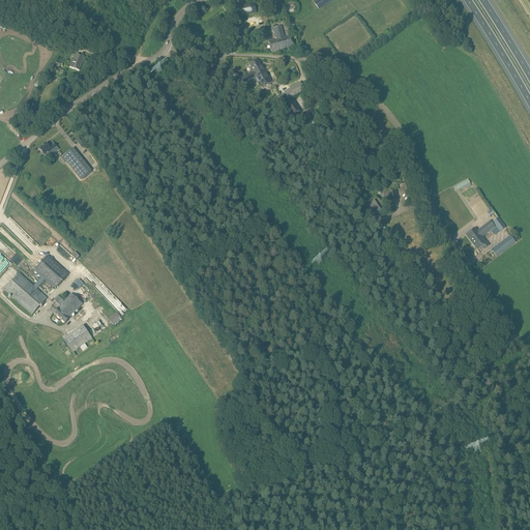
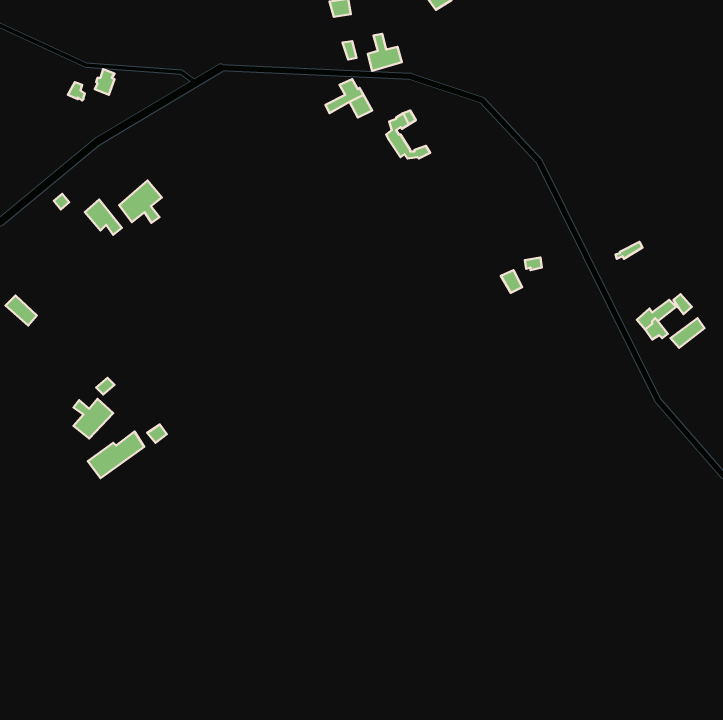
building: none -> [119,181,162,223]
building: [36,254,68,286] -> none
building: [4,271,48,314] -> none

